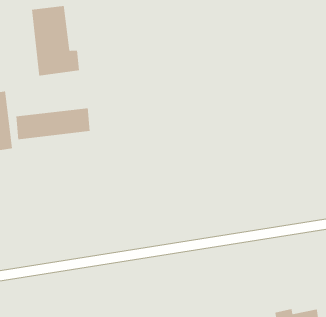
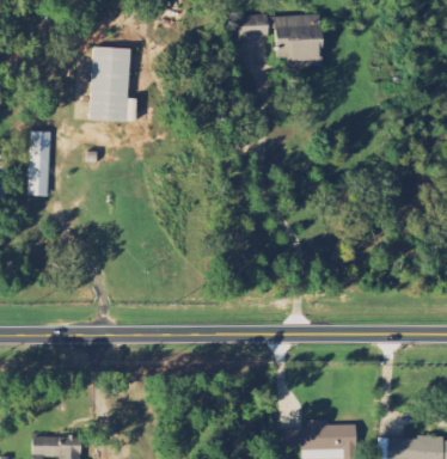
building: [16,107,90,140] -> none

